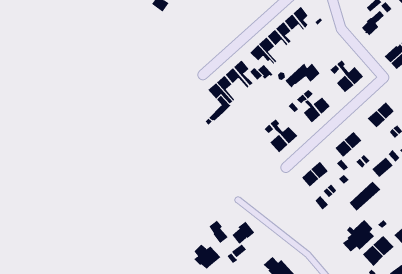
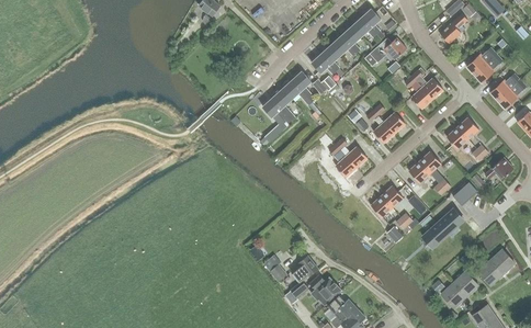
building: [284,63,321,88] -> [364,36,406,66]
building: [342,219,375,252] -> none
building: [193,244,221,270] -> [309,274,341,304]

